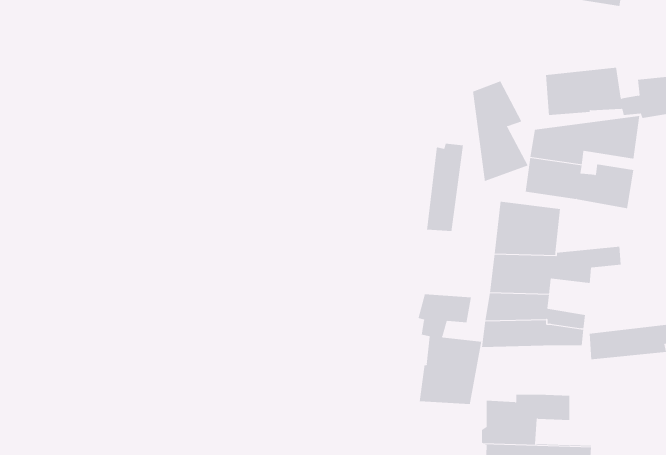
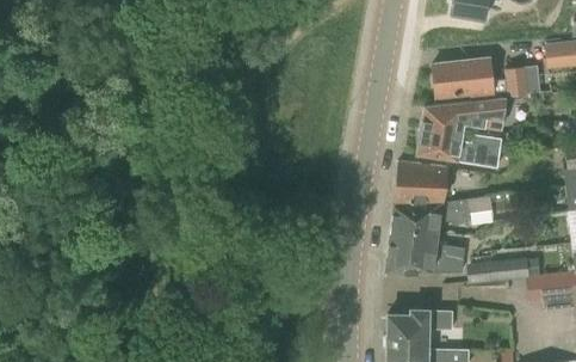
building: [473,80,528,182] -> none
building: [427,143,463,232] -> none
building: [418,294,482,405] -> none

